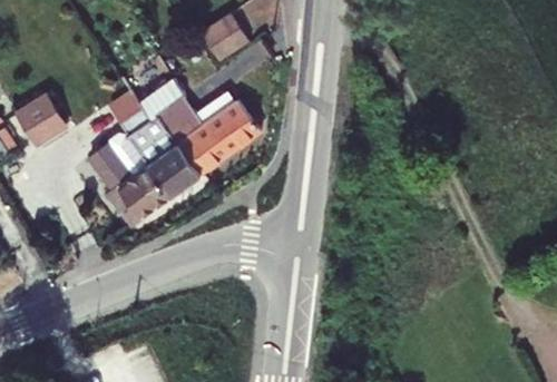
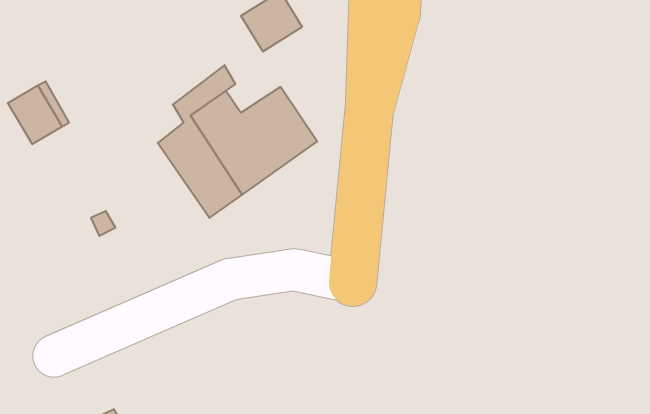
building: [89,107,173,224] -> none

